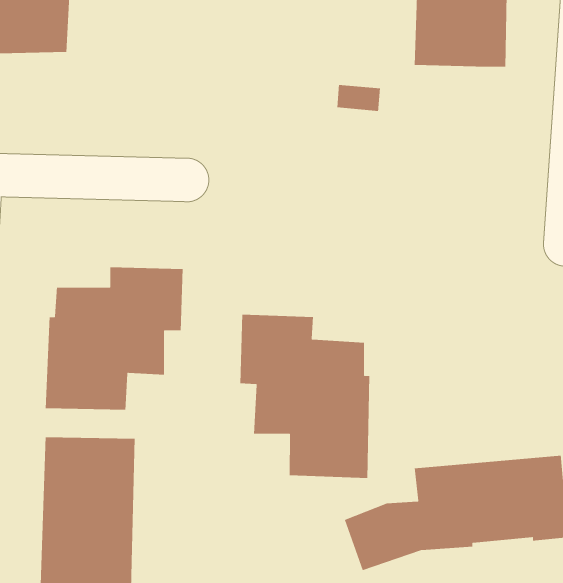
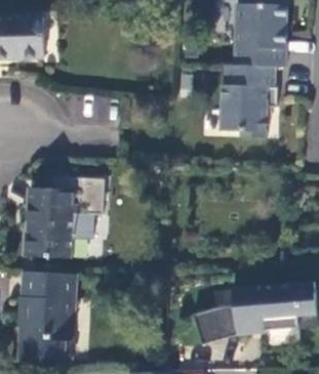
building: none -> [218,65,275,137]
building: [240,314,370,479] -> none

